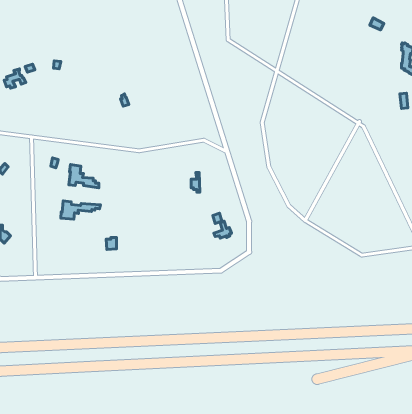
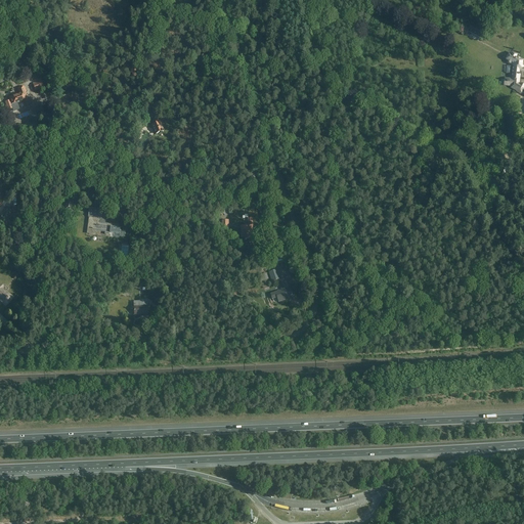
building: [61,201,100,219] -> none

